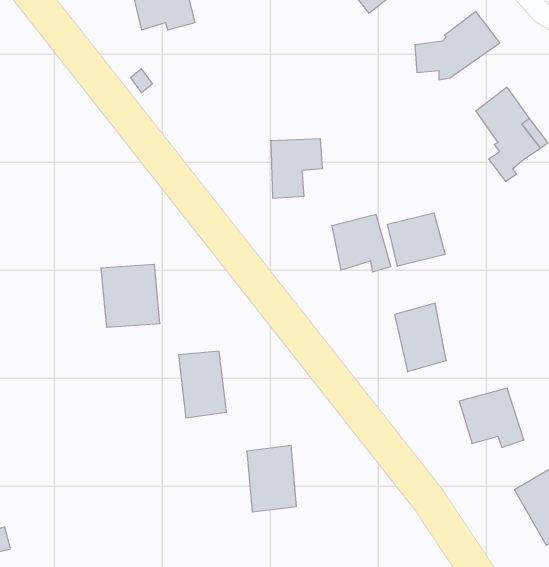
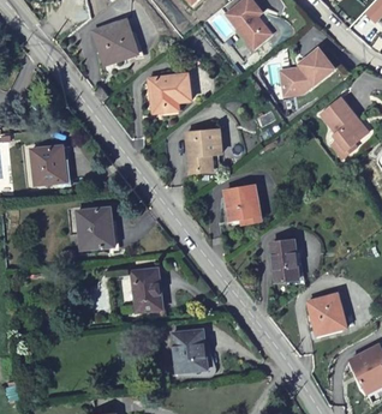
building: none -> [154,70,196,110]
building: none -> [28,145,64,184]
building: [388,213,445,266] -> none

